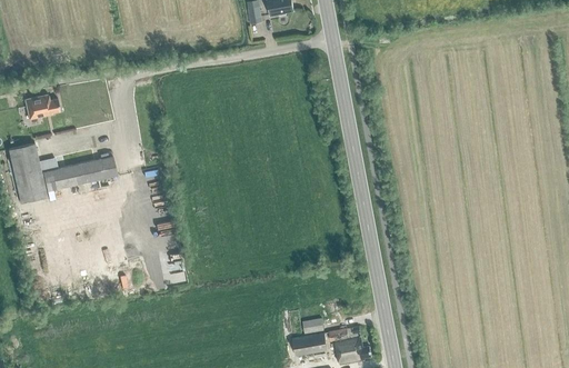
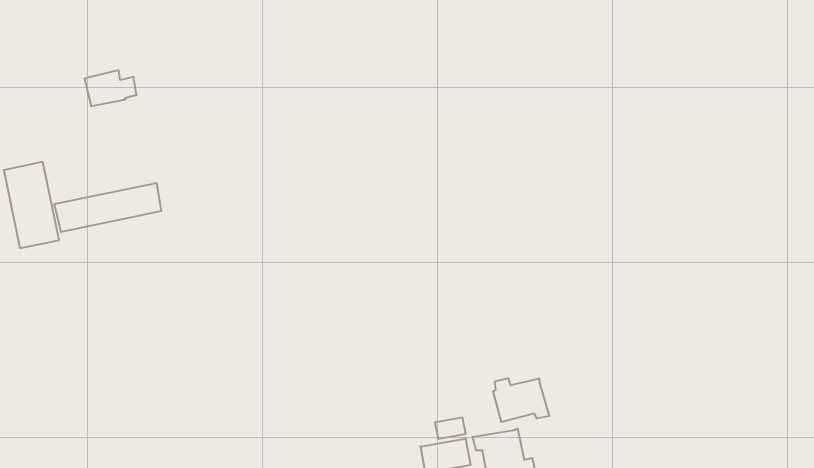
building: [24,96,60,120] -> [85,70,137,106]
building: none -> [493,378,549,422]

